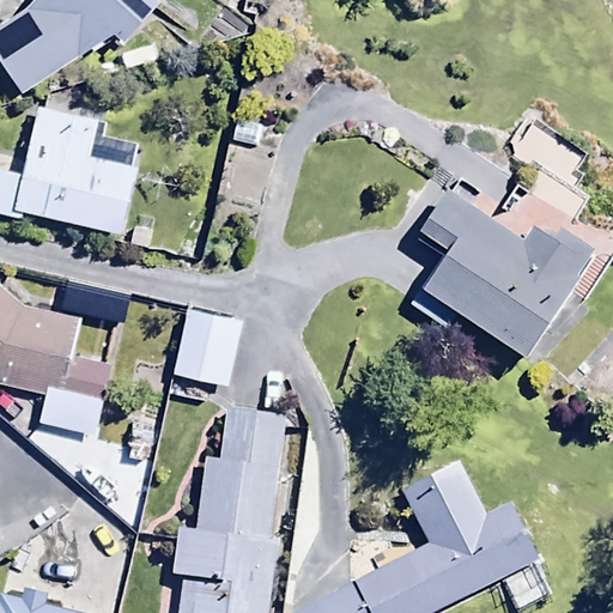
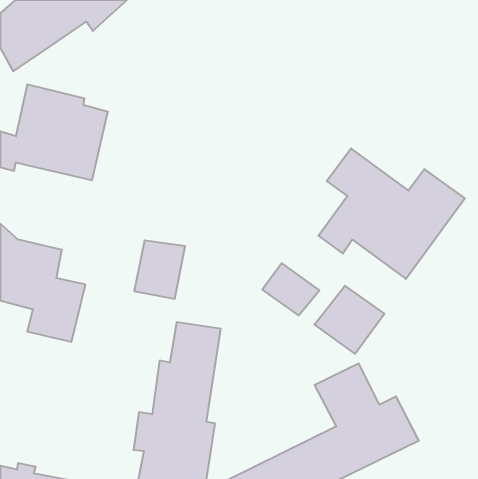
building: none -> [262,263,319,315]
building: none -> [314,286,384,354]

